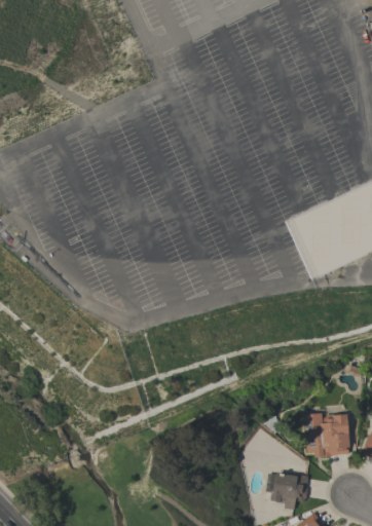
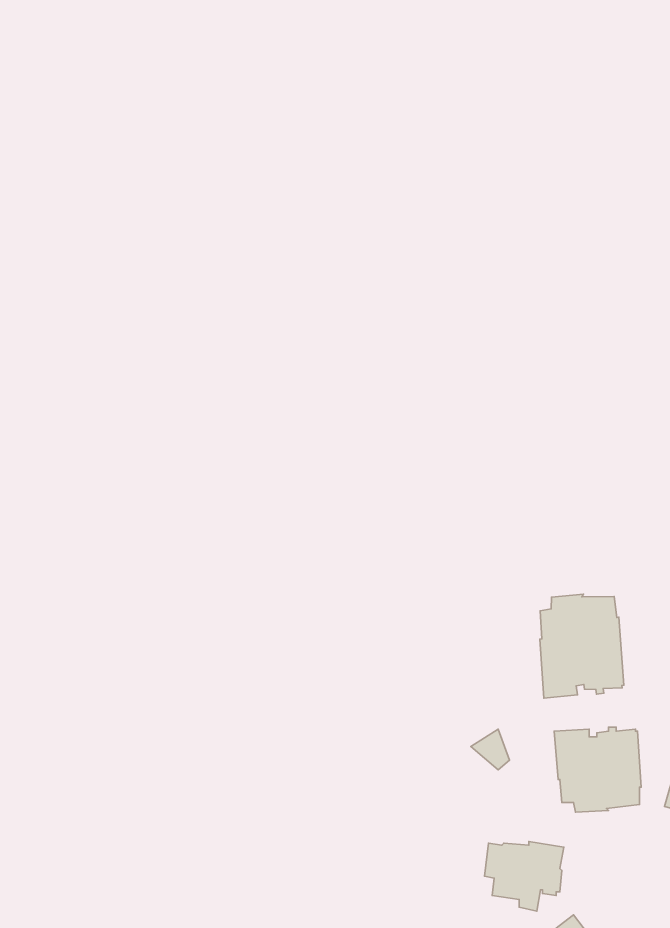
building: none -> [540,594,624,698]

